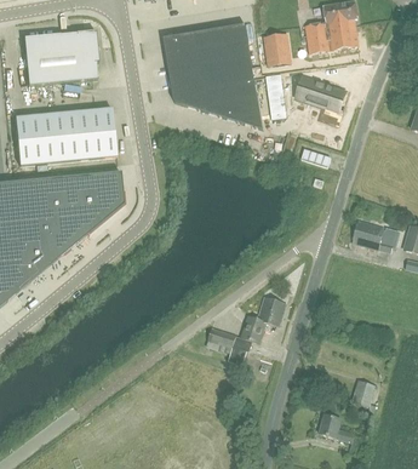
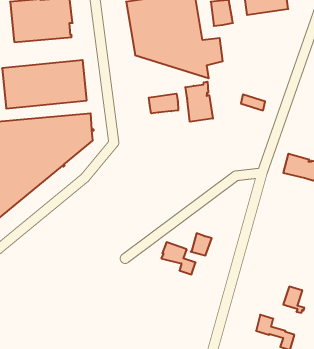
building: [303,75,345,114] -> none
building: none -> [185,82,213,122]
building: none -> [149,94,178,113]
building: [257,296,285,325] -> none

